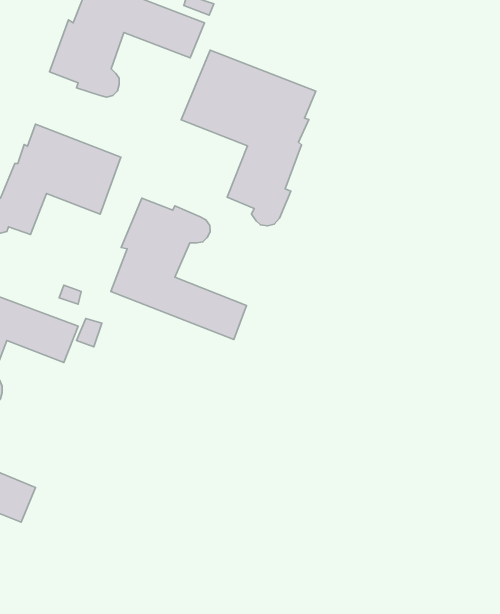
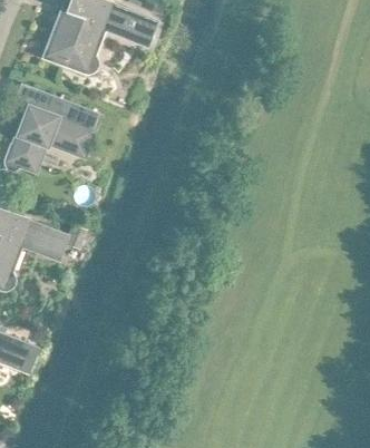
building: [181,50,316,226] -> none
building: [111,198,246,339] -> none

